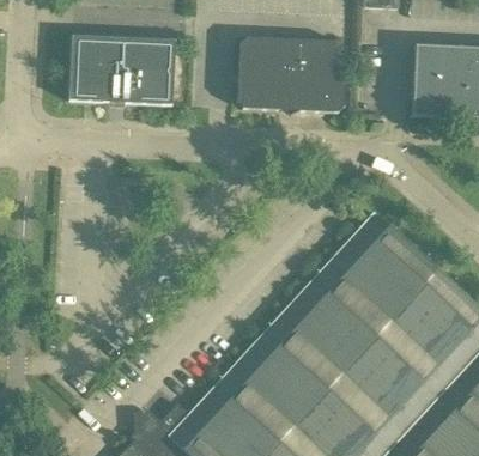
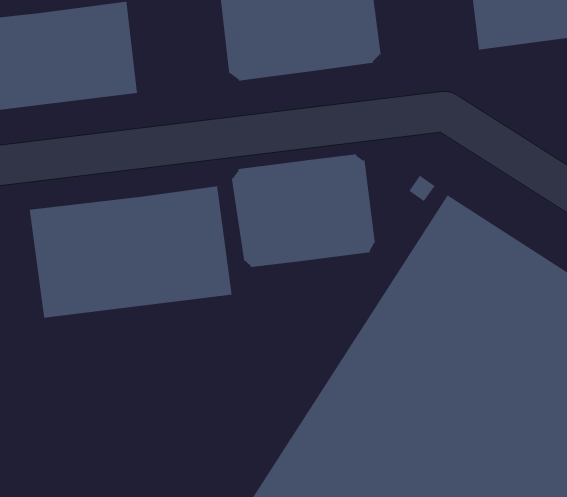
building: none -> [231,153,376,268]
building: none -> [29,186,232,318]

